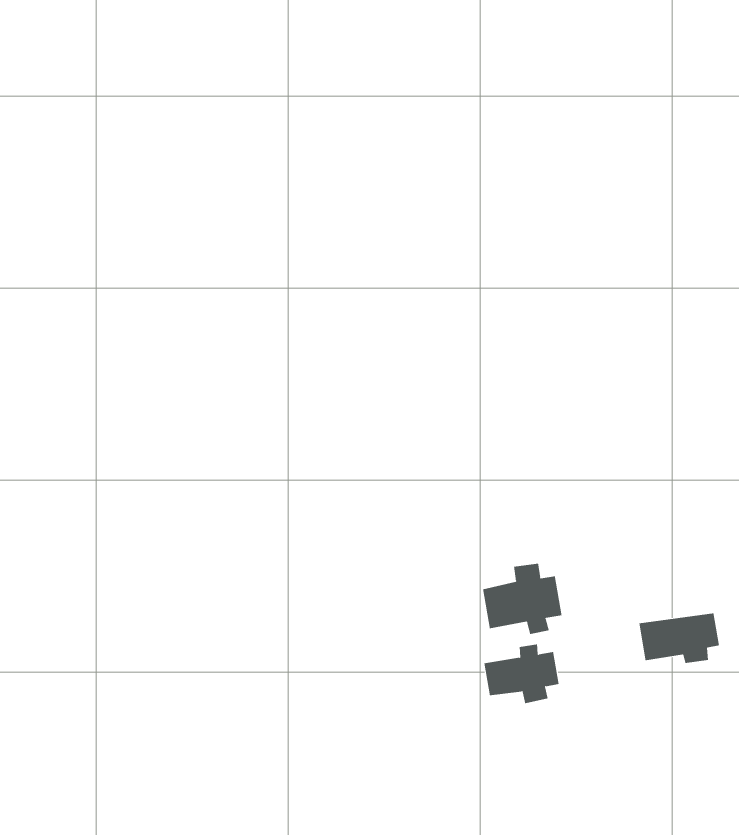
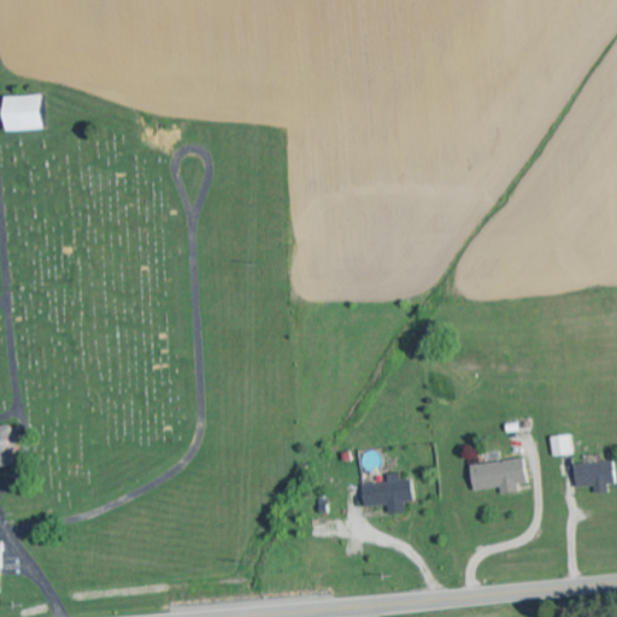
building: [483,563,562,635] -> none

